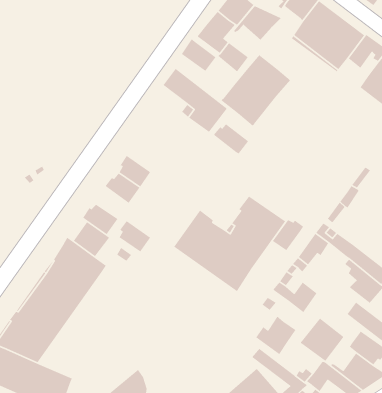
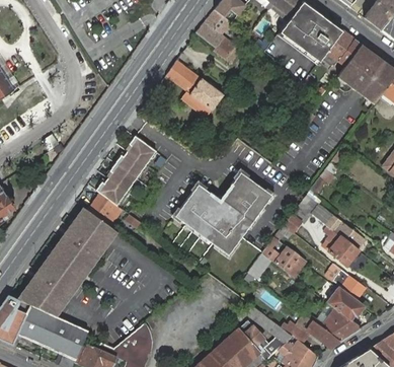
building: [233,5,282,40] -> none
building: [181,38,217,72] -> none
building: [220,54,291,126] -> none
building: [213,123,249,154] -> none
building: [272,219,304,251] -> none
building: [118,220,151,253] -> [108,163,137,192]
building: [255,316,297,355] -> none
building: [300,317,344,362] -> none

